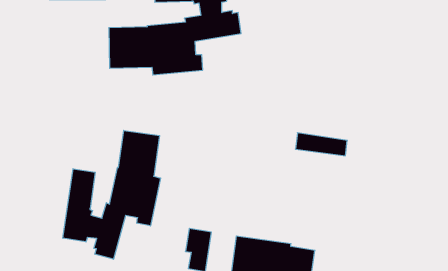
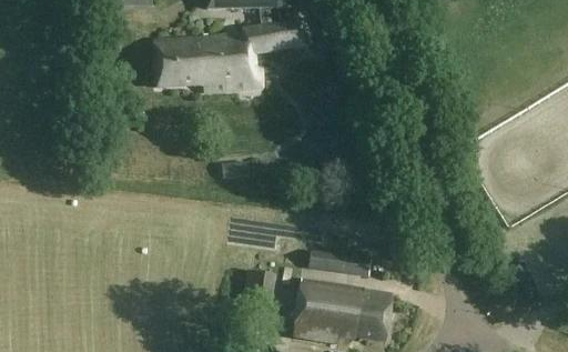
building: [63,130,161,259] -> none
building: [295,133,347,156] -> [310,250,369,276]

